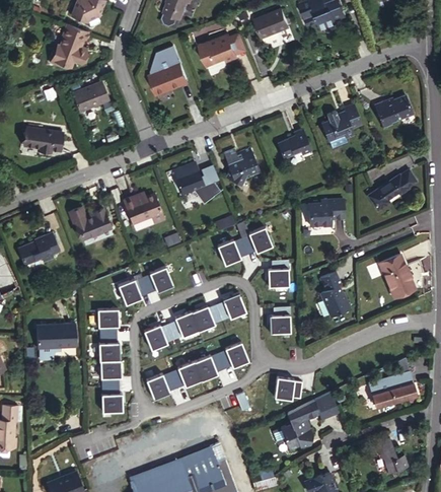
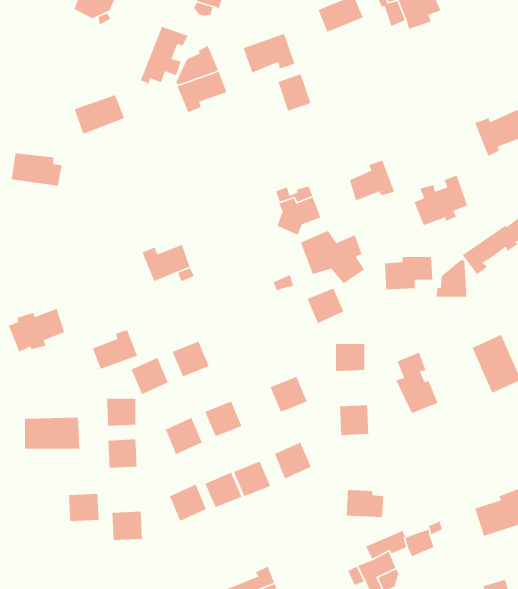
building: [54,26,90,70] -> [140,26,189,84]
building: none -> [278,73,311,112]
building: [318,104,359,143] -> [414,175,468,226]
building: [173,161,222,202] -> [300,230,365,284]
building: none -> [436,259,467,297]
building: [77,207,112,237] -> [92,329,138,370]
building: [215,237,243,265] -> none
building: [193,301,221,329] -> none
building: [99,360,123,381] -> [68,493,99,522]

